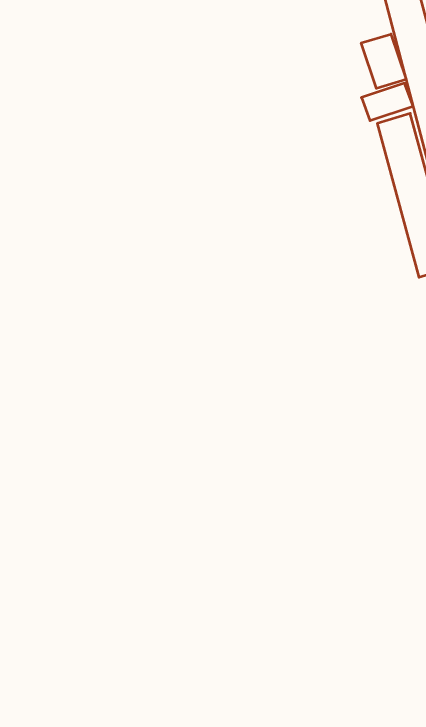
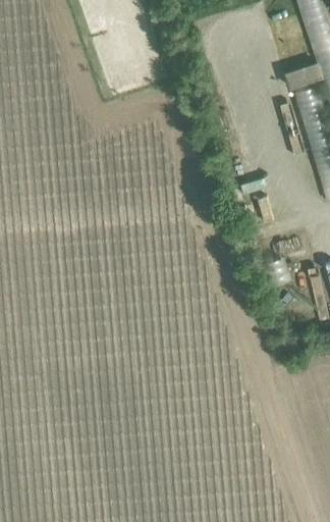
building: [361,34,406,88] -> none

